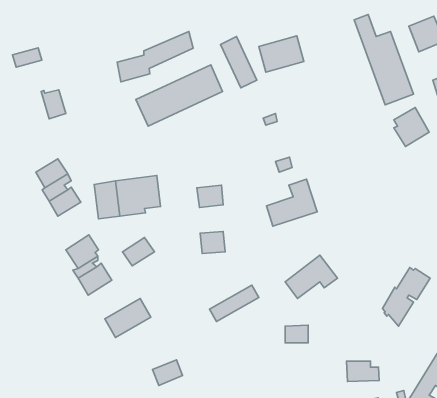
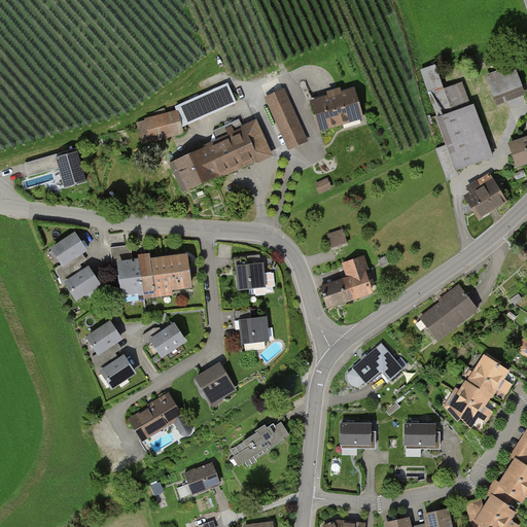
building: [13,48,42,67] -> [25,152,59,175]
building: none -> [416,286,476,340]
building: none -> [198,363,237,402]
building: [209,285,259,321] -> [227,421,285,463]
building: [347,361,379,381] -> [402,427,441,451]

